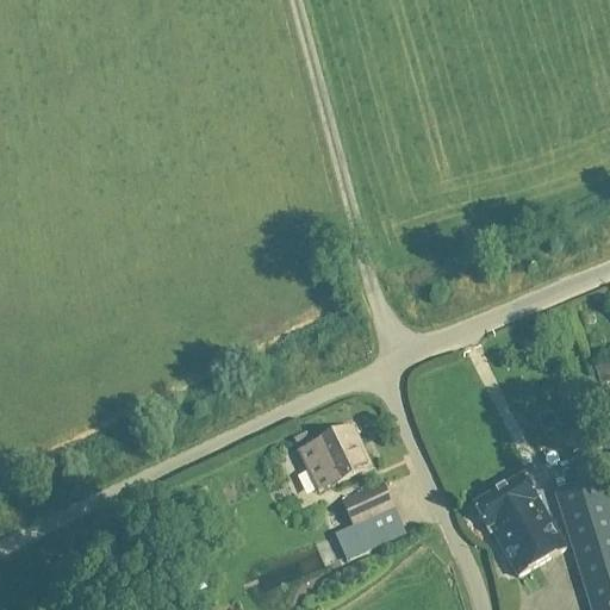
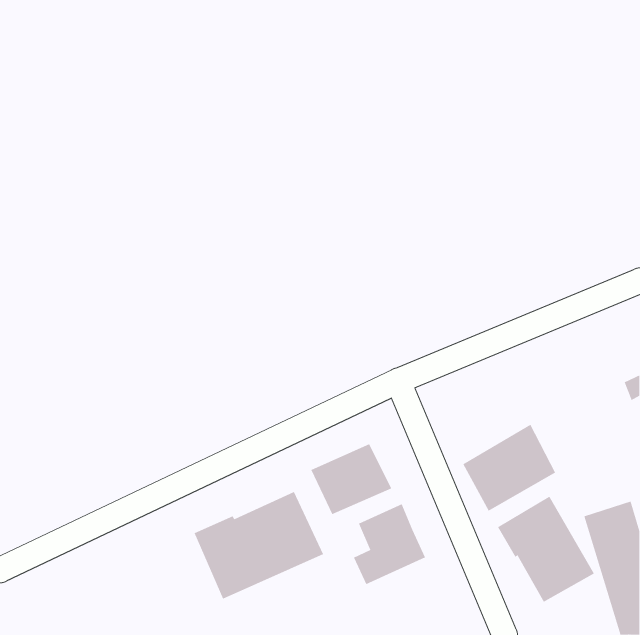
building: none -> [462,424,556,512]
building: none -> [194,491,324,600]

